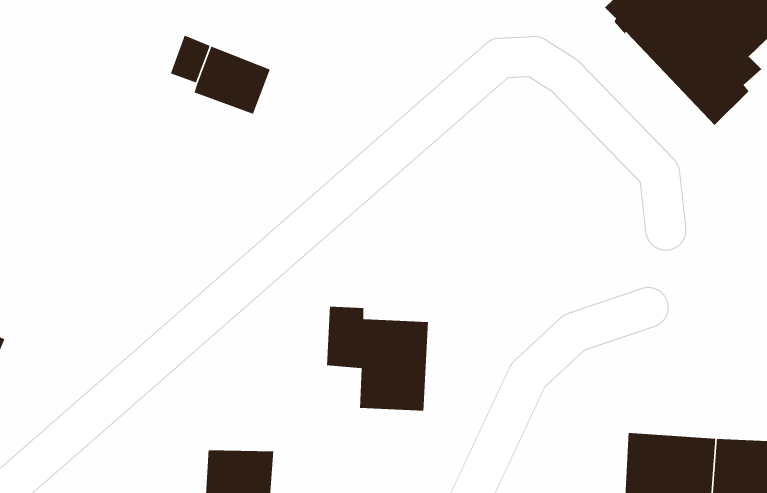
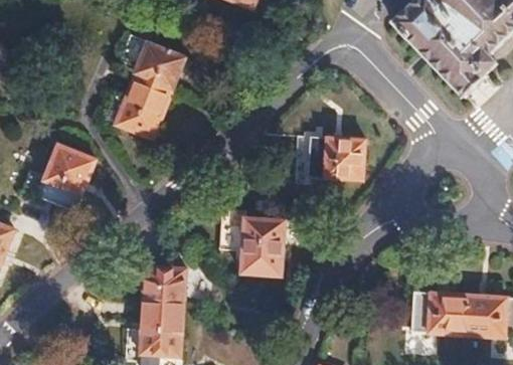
building: none -> [114,73,172,140]
building: none -> [292,136,363,181]
building: none -> [36,146,95,211]
building: none -> [123,265,186,302]

